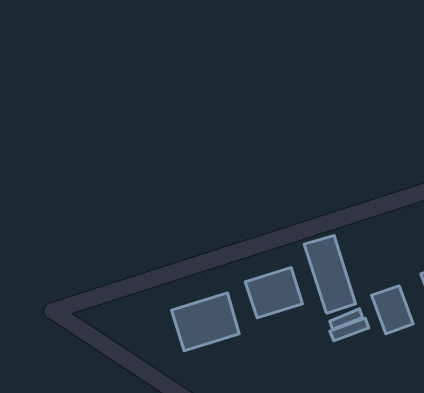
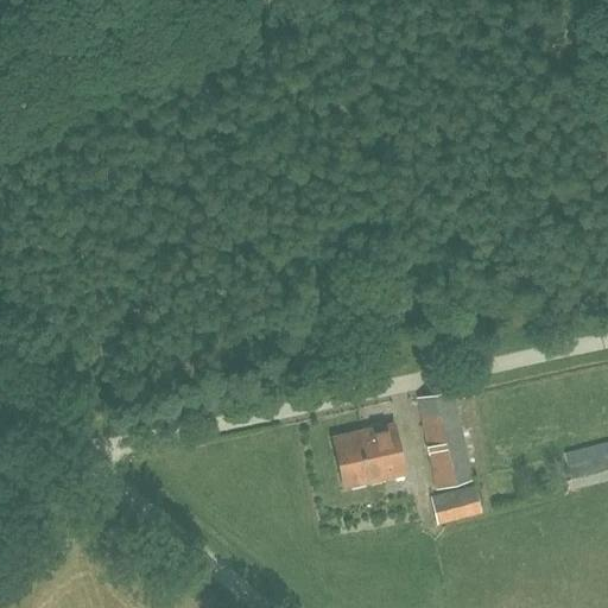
building: [372,286,413,334] -> none
building: [171,293,239,351] -> none

